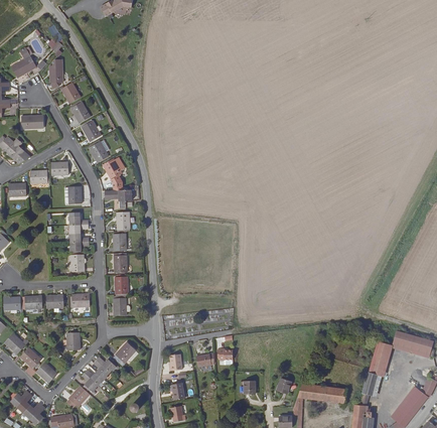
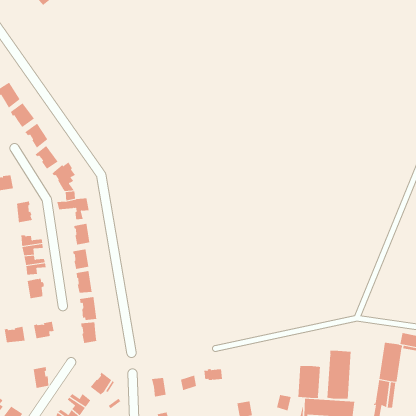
building: none -> [327,350,351,400]
building: none -> [298,365,320,399]

